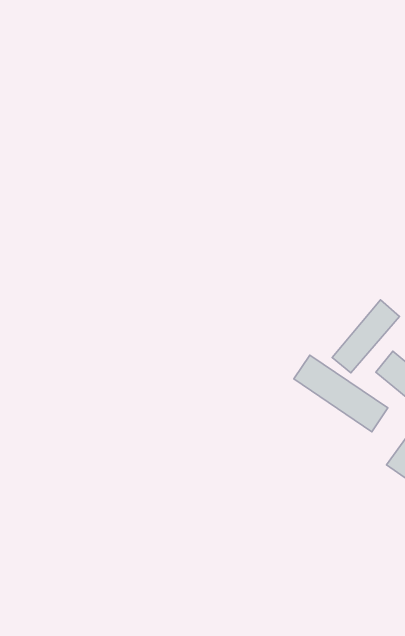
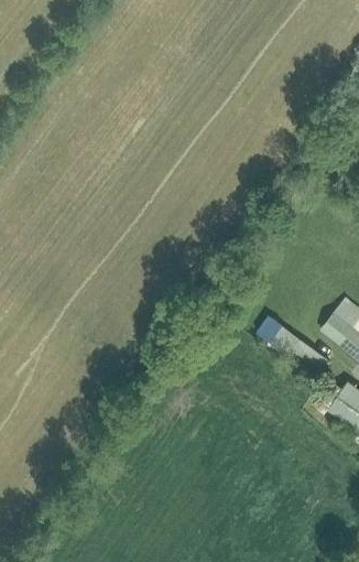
building: [332,300,400,373] -> none

